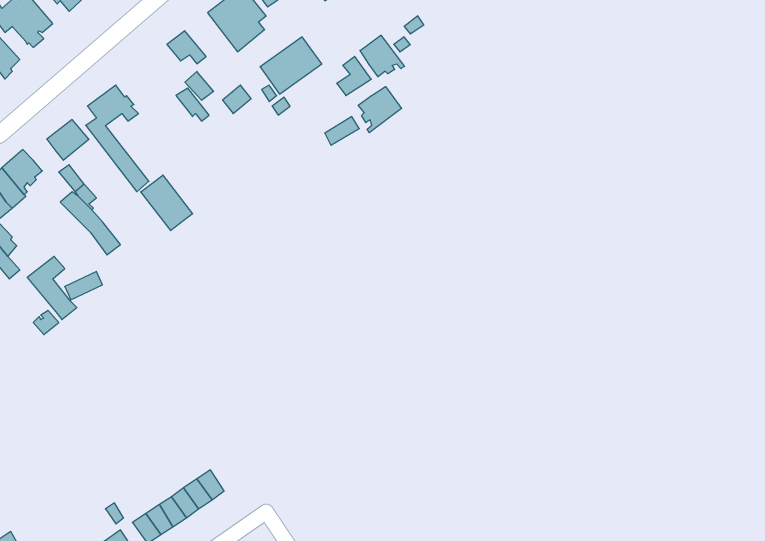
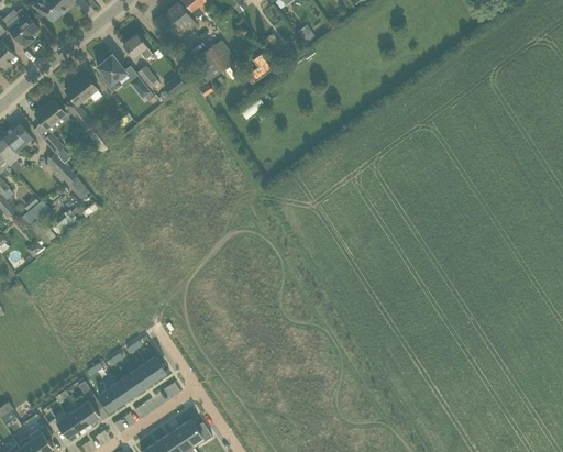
building: [360,35,404,77] -> none
building: none -> [96,54,126,92]
building: [358,87,402,133] -> none
building: [141,175,193,231] -> none

